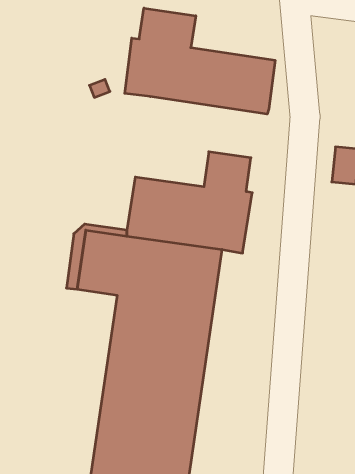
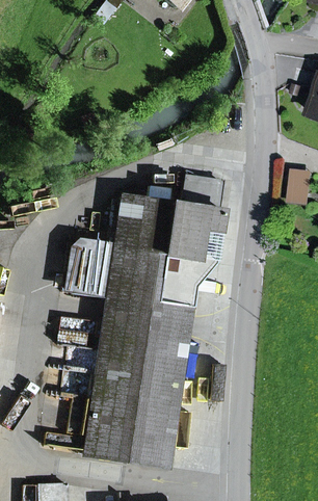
building: [125,8,275,114] -> none

